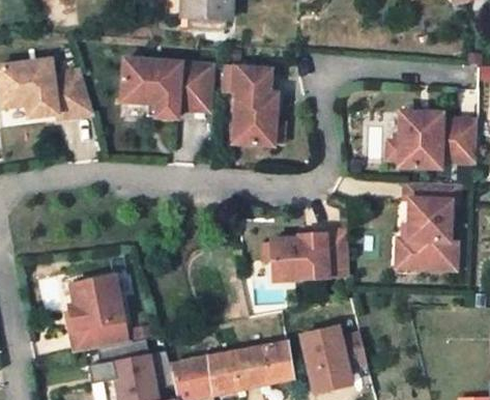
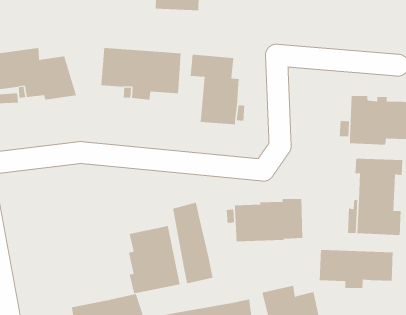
building: none -> [172,202,213,284]
building: [68,278,127,354] -> [128,226,181,294]
building: none -> [319,249,393,289]

